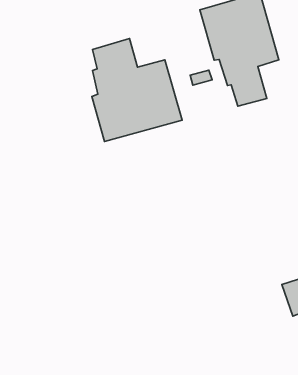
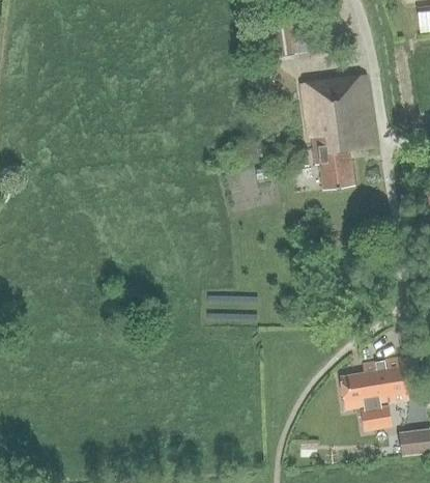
building: [92,39,182,141] -> none

